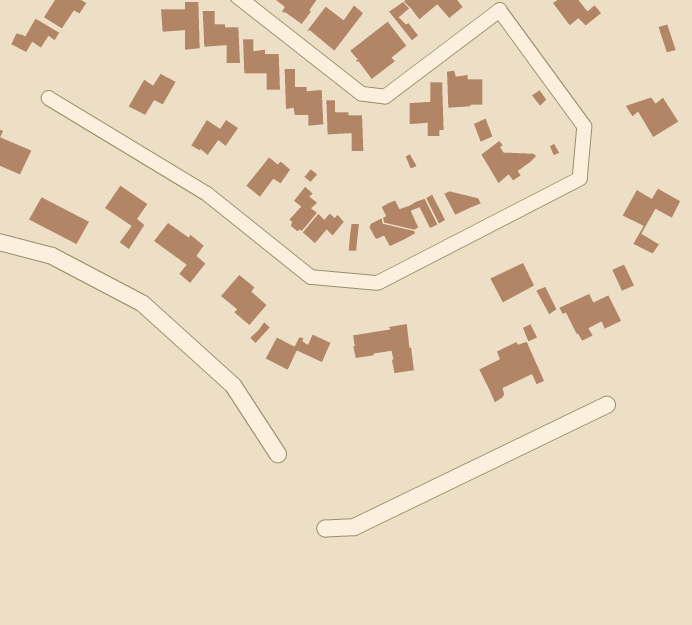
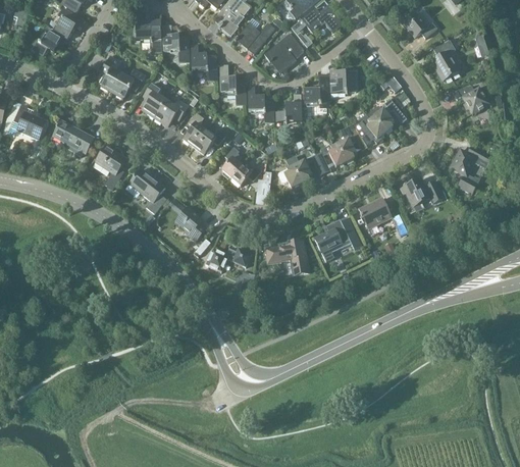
building: none -> [433,40,460,80]
building: none -> [98,55,123,92]
building: none -> [143,82,166,118]
building: none -> [276,94,302,121]
building: none -> [367,98,399,123]
building: none -> [183,112,205,146]
building: none -> [330,123,362,154]
building: [28,196,90,245] -> [52,119,95,153]
building: [558,293,622,342] -> [400,178,444,212]
building: [478,341,545,403] -> [314,218,360,261]

